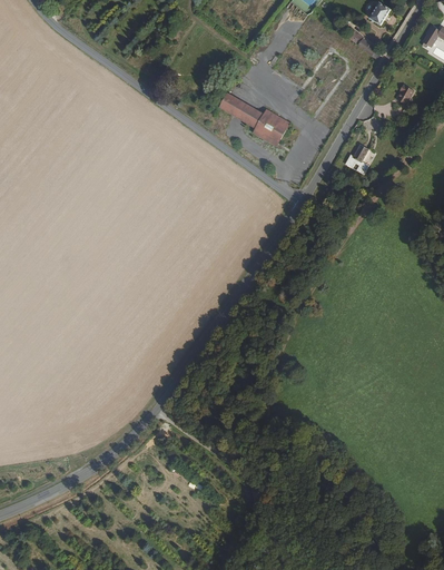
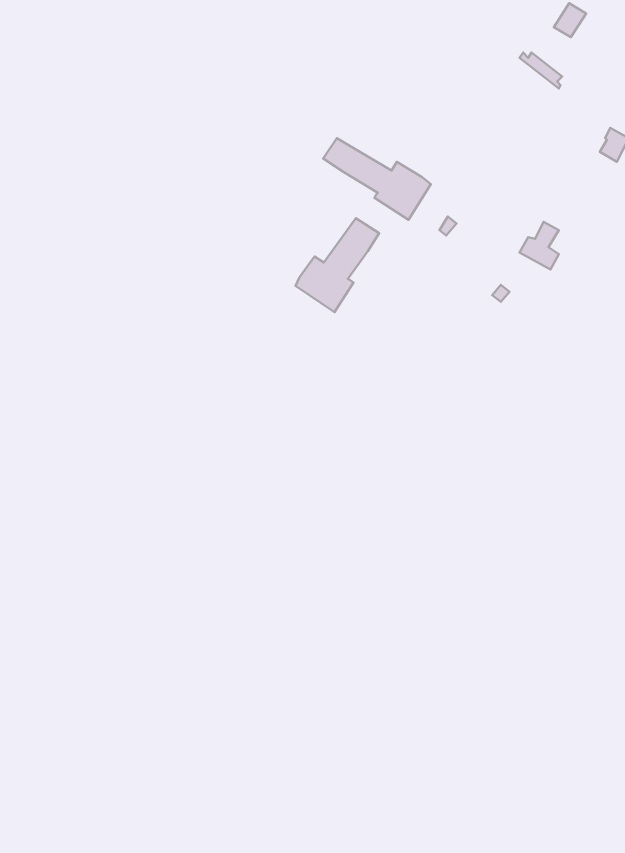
building: none -> [295,218,379,312]

